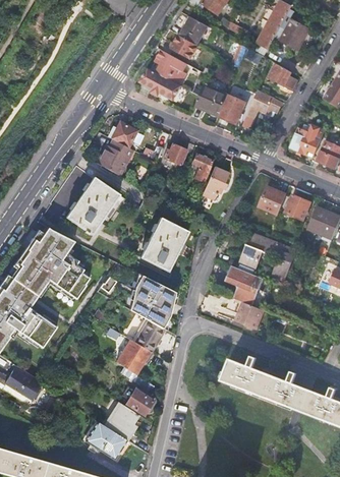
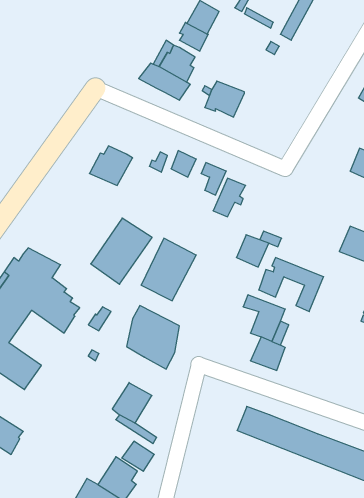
building: [282,20,309,50] -> none
building: [269,64,297,90] -> none
building: [243,92,283,130] -> none
building: [220,95,245,124] -> none
building: [112,121,137,146] -> none
building: [291,125,326,156] -> none
building: [67,178,119,234] -> [91,218,152,284]
building: [260,187,287,215] -> [236,235,269,267]
building: [286,194,310,220] -> none
building: [132,318,165,352] -> none

